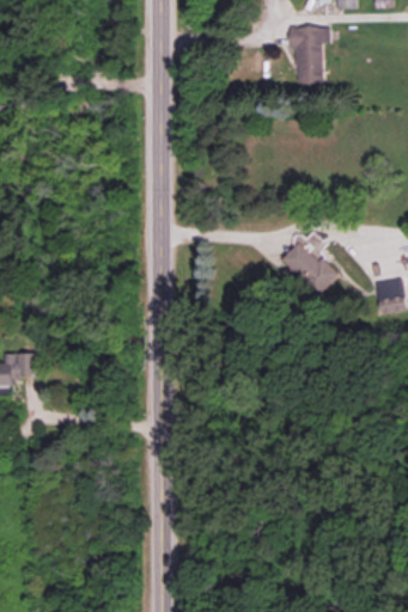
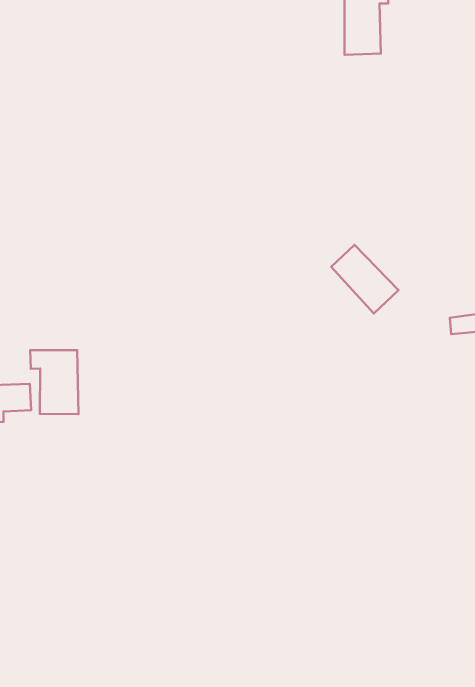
building: none -> [30,350,79,414]

